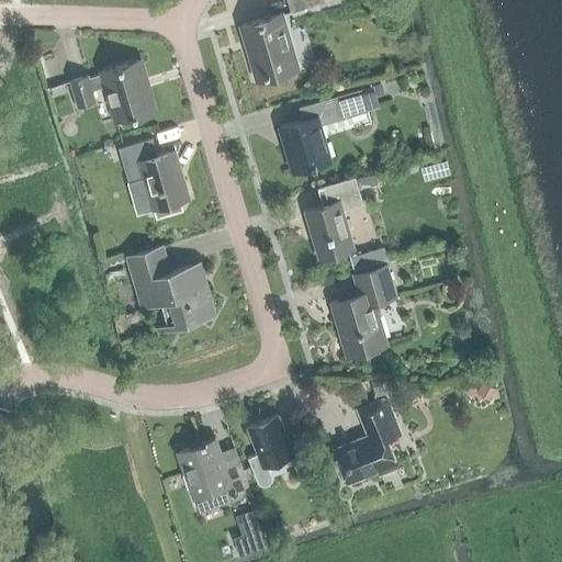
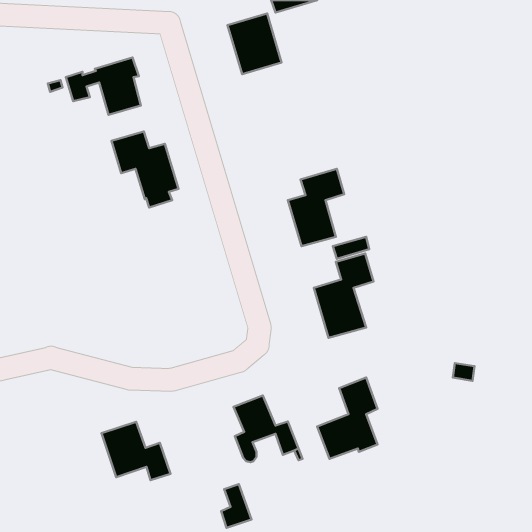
building: [280,90,368,172] -> none
building: [127,248,214,326] -> none
building: [179,441,251,503] -> [102,422,170,480]

